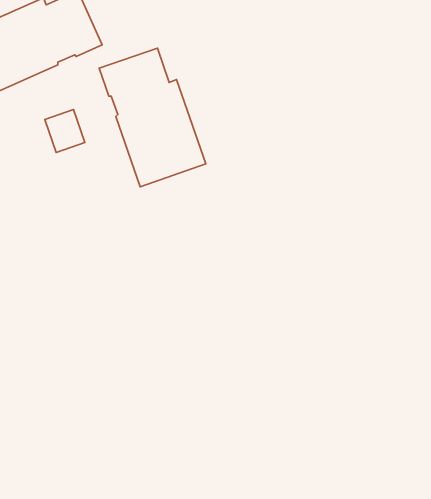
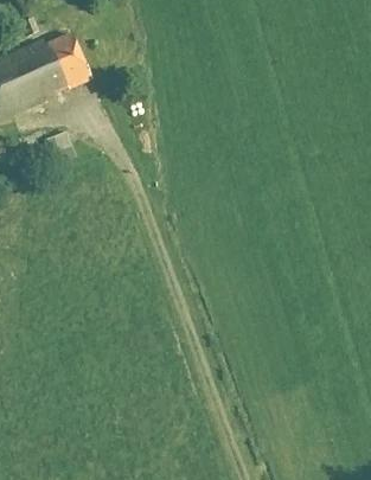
building: [99,48,206,187] -> none

